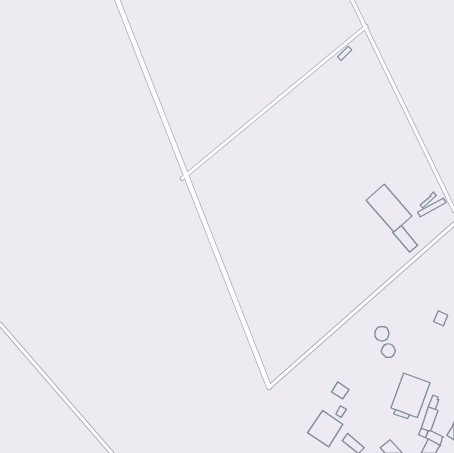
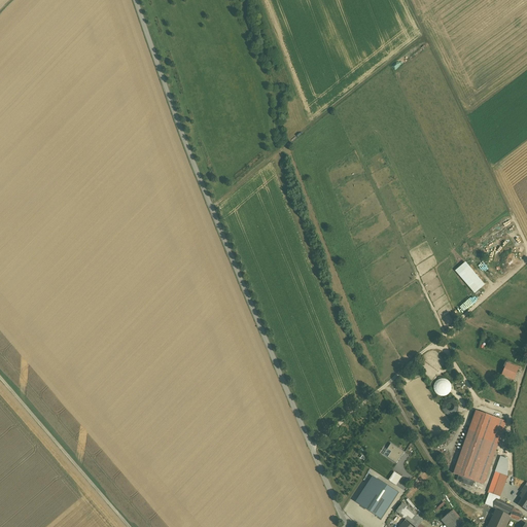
building: [366,184,412,232] -> none
building: none -> [467,410,506,444]

